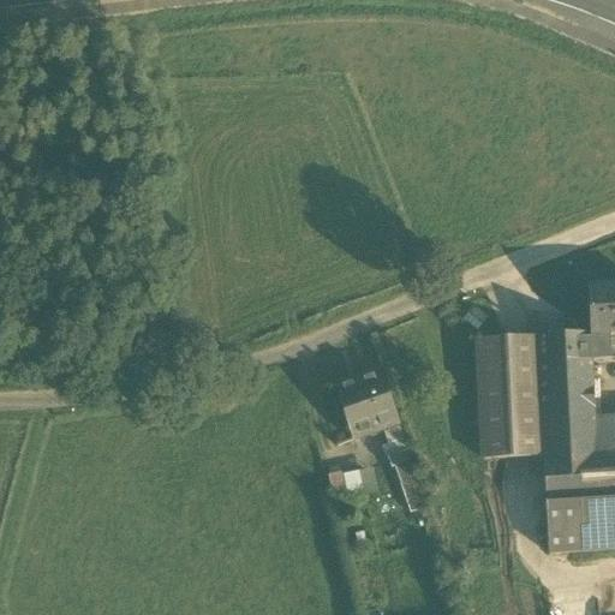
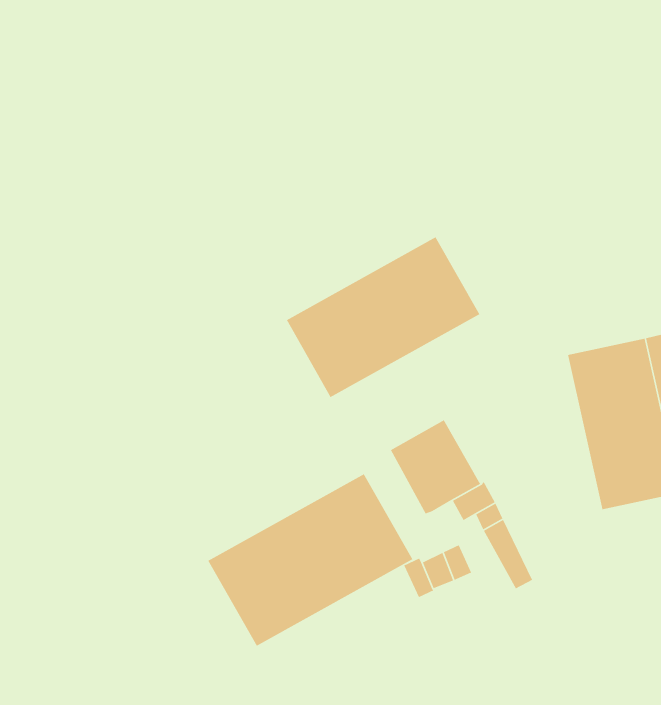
building: none -> [286,236,481,398]
building: none -> [207,473,413,647]

